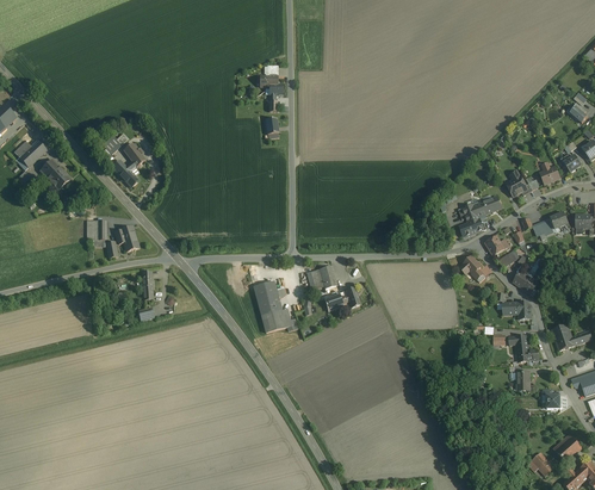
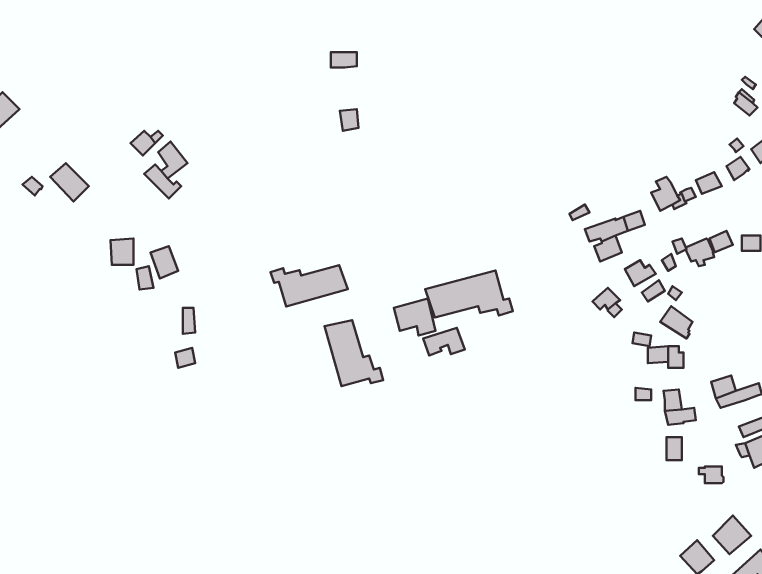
building: [12,131,48,167] -> none
building: none -> [271,265,348,307]
building: none -> [425,271,513,318]

